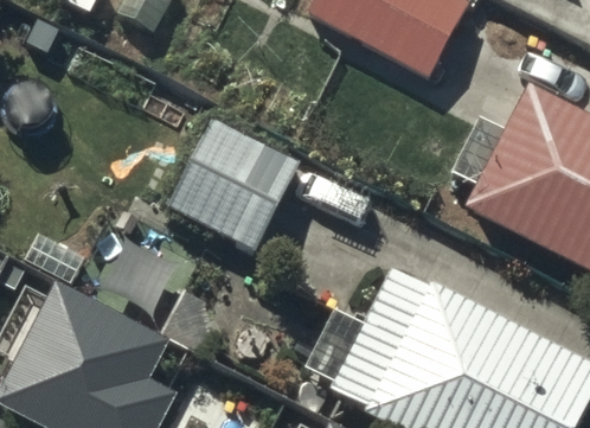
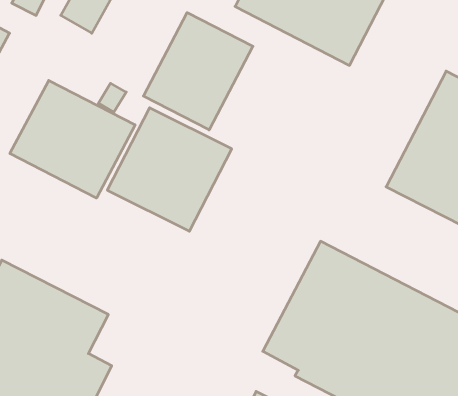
building: none -> [143,13,253,130]
building: none -> [10,80,135,198]

